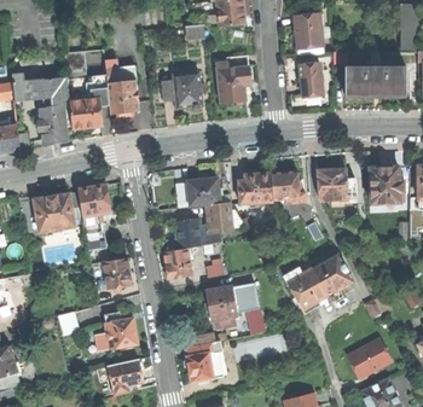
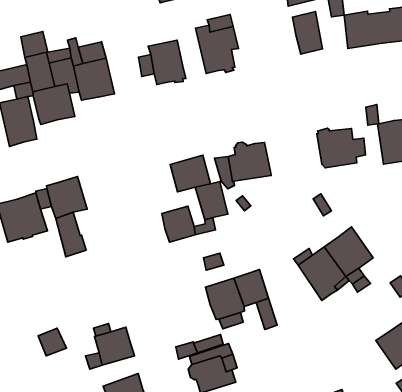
building: [267,170,301,203] -> none
building: [160,246,187,277] -> none
building: [99,257,127,287] -> none

